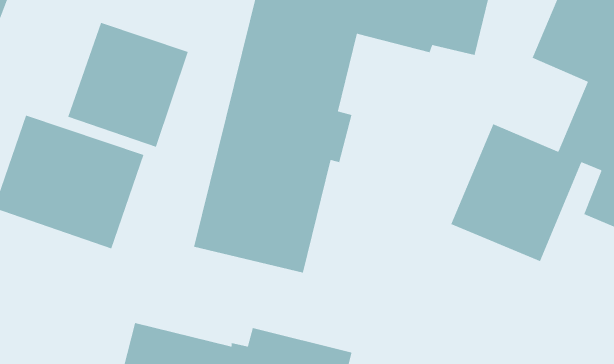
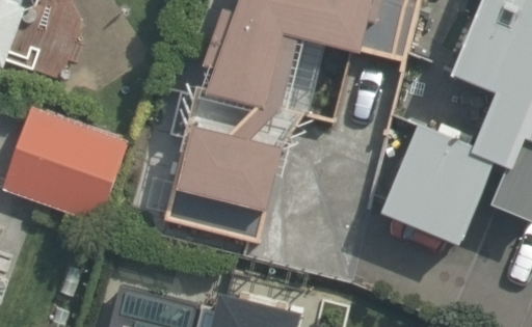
building: [67,22,189,148] -> none

